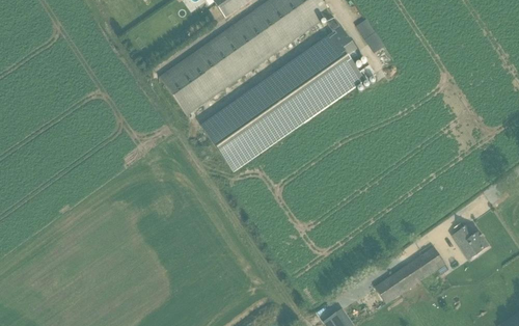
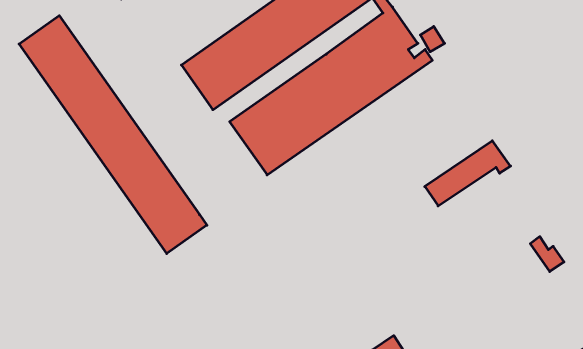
building: none -> [19,16,207,254]
building: [375,247,448,303] -> [425,141,511,206]

